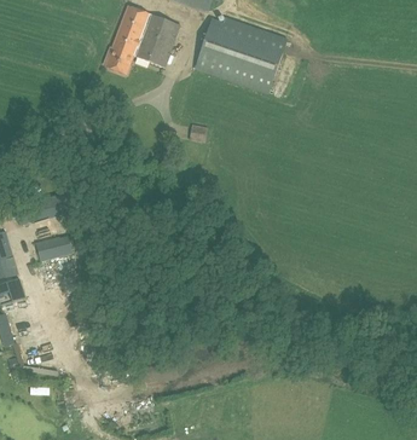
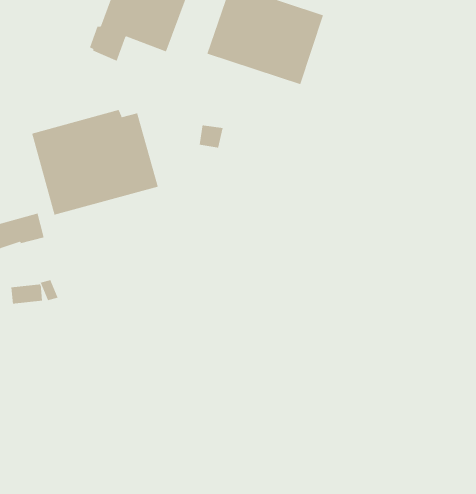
building: none -> [32,109,159,215]

